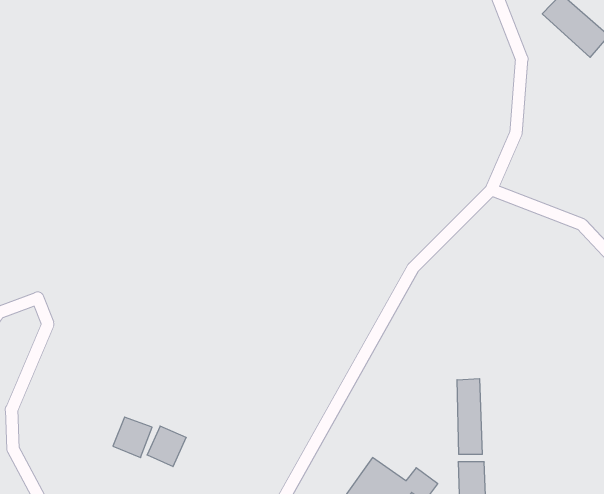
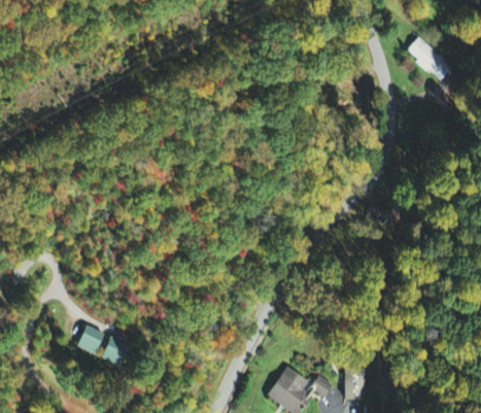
building: [457,379,482,454] -> none
building: [147,426,186,467] -> [75,324,103,353]

